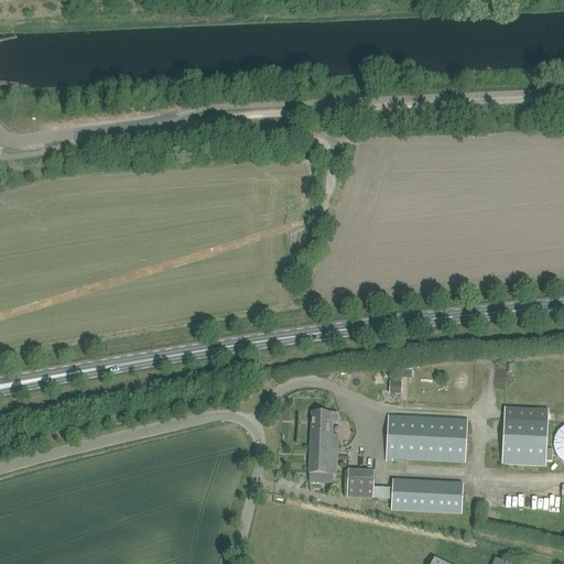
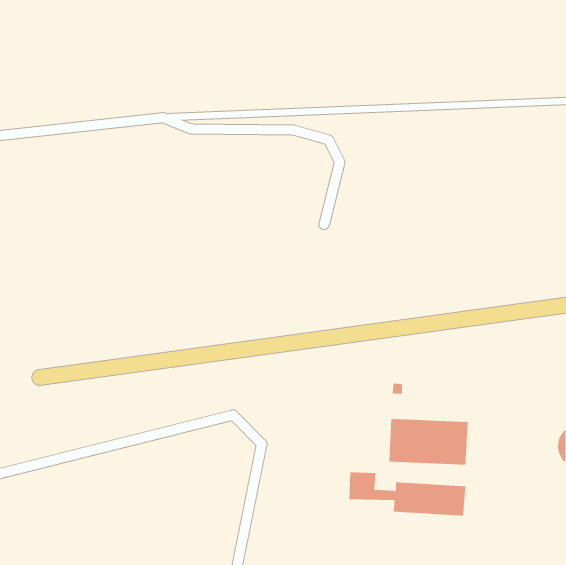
building: [502,406,547,465] -> none
building: [307,410,337,481] -> none

